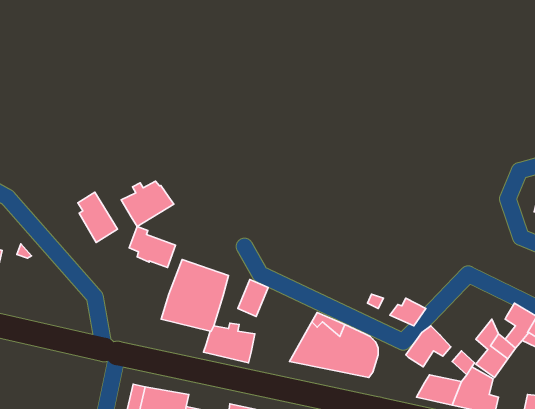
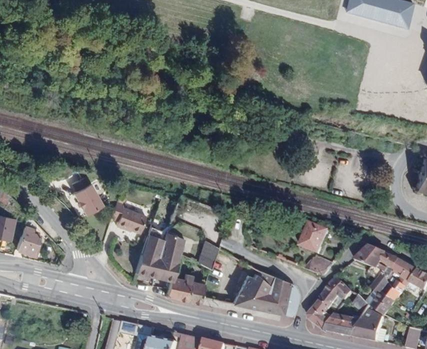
building: [121,181,174,227] -> none
building: none -> [301,221,329,252]
building: none -> [17,226,39,255]
building: none -> [357,245,401,272]
building: none -> [309,300,333,330]

